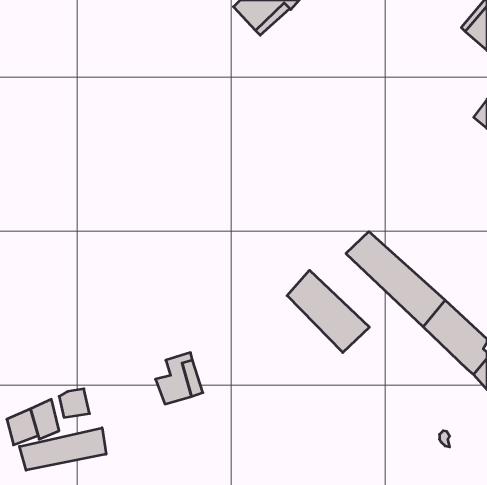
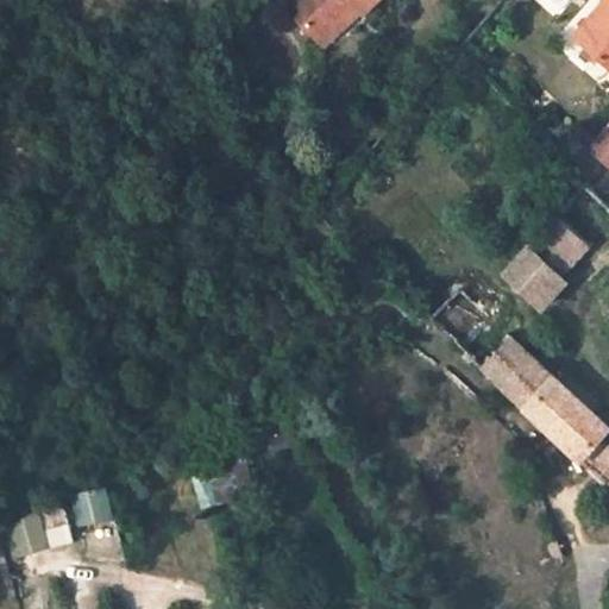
building: none -> [508,215,590,308]
building: [287,270,369,353] -> none
building: [19,428,106,470] -> none

